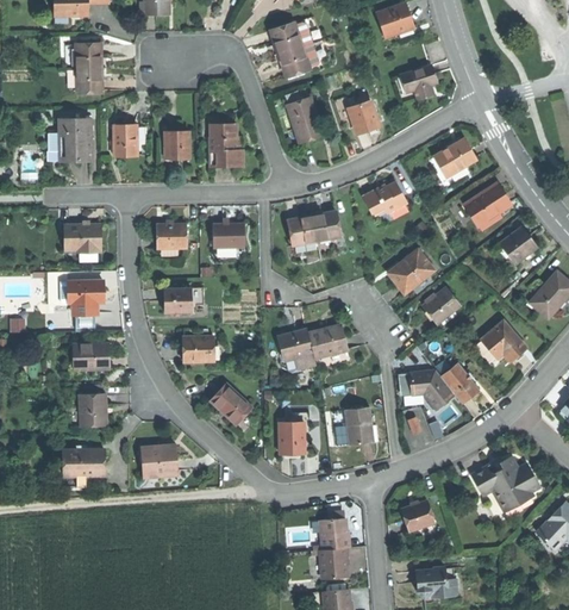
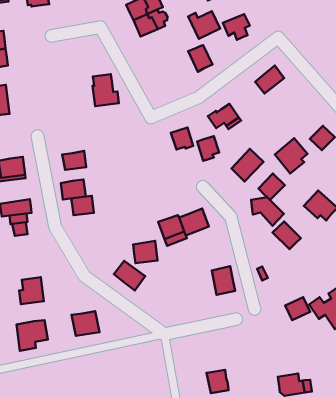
building: none -> [188,11,220,39]
building: [288,98,323,145] -> none
building: [110,125,133,157] -> none
building: [161,132,185,160] -> none
building: [464,182,509,230] -> [275,138,307,173]
building: [287,214,315,247] -> [197,136,219,161]
building: [208,224,240,248] -> [61,179,86,199]
building: [183,334,214,361] -> [133,241,158,263]
building: [68,341,106,367] -> none
building: [411,369,454,410] -> [251,197,284,226]
building: [276,423,301,456] -> none
building: [401,502,434,531] -> [285,297,310,320]
building: [320,519,346,552] -> none

